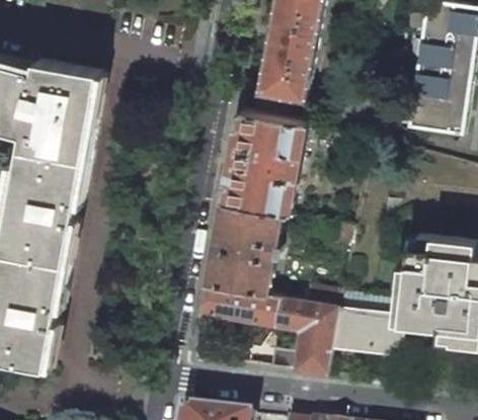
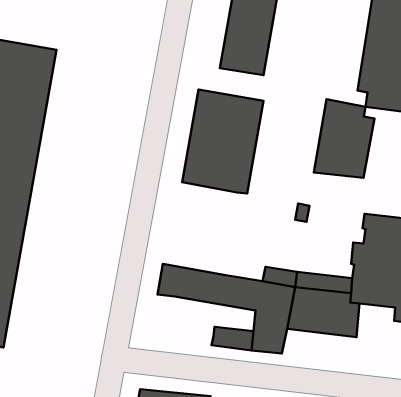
building: none -> [314,99,374,178]
building: [205,199,278,292] -> none

